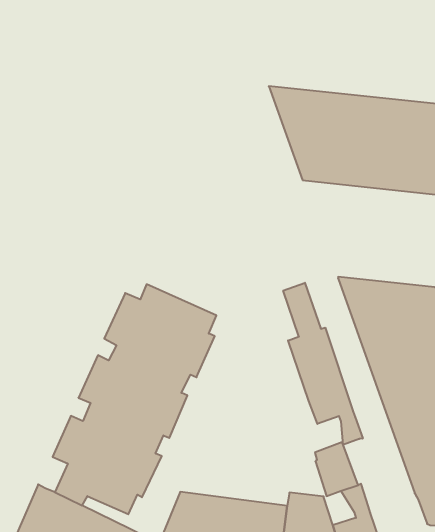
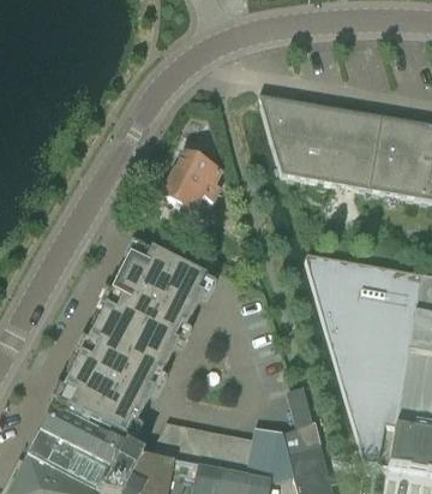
building: none -> [160,154,218,216]
building: [283,283,363,445] -> none

